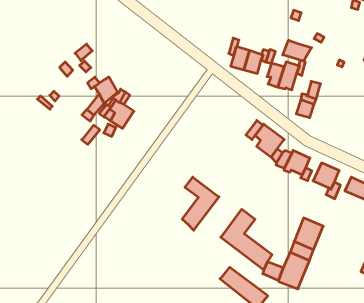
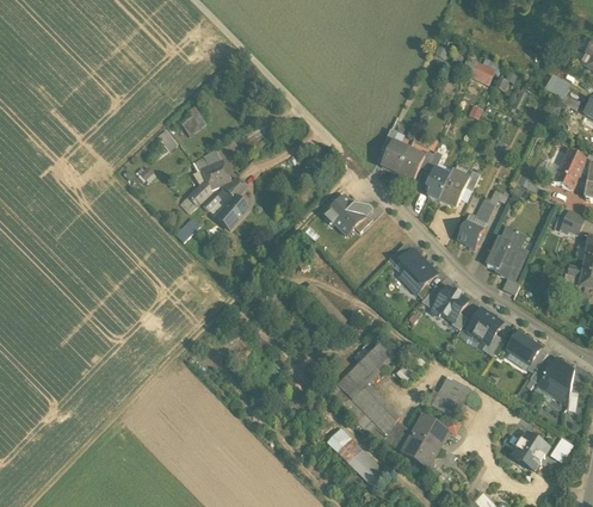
building: [283,40,312,61] -> none
building: none -> [323,193,371,233]
building: none -> [486,227,526,278]
building: [182,177,219,230] -> none

